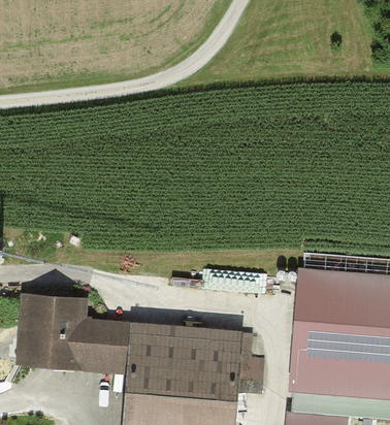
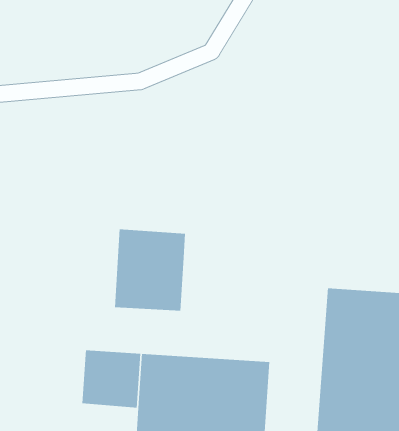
building: [26,297,88,368] -> [114,229,186,311]

